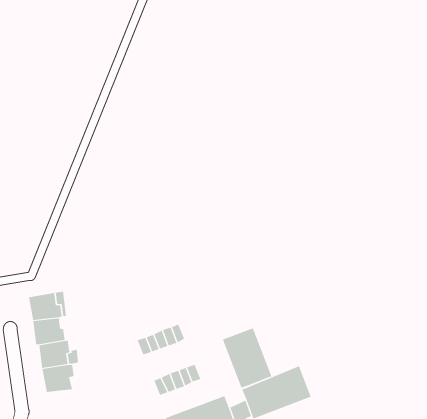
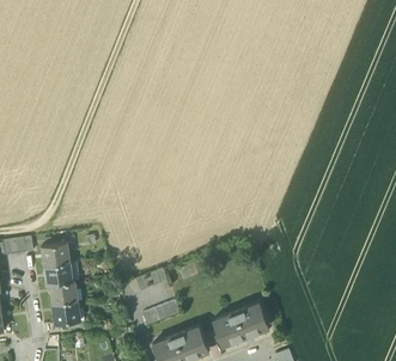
building: [222,327,272,389] -> none

